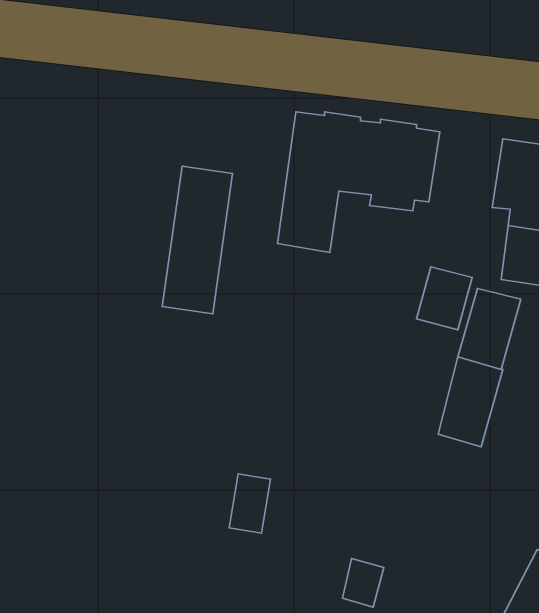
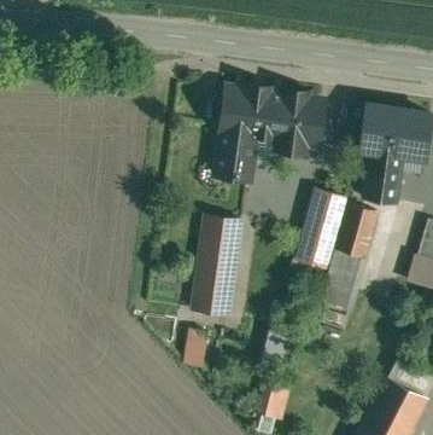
building: [162,166,233,314] -> [193,216,240,315]
building: none -> [297,226,335,268]

